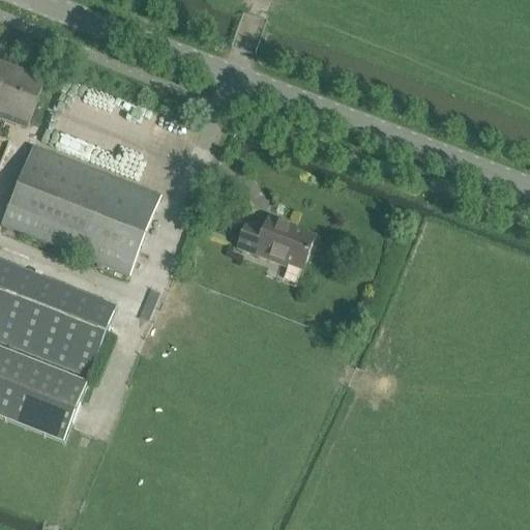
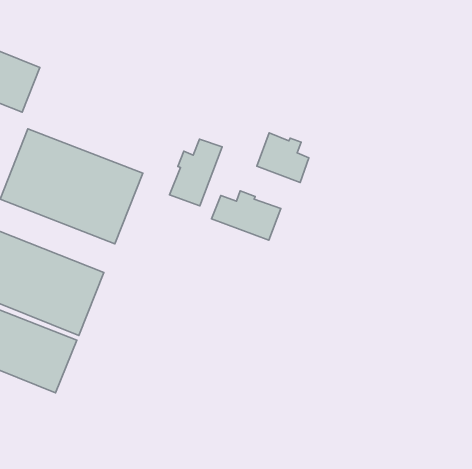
building: none -> [257,133,309,182]
building: none -> [170,139,222,206]

